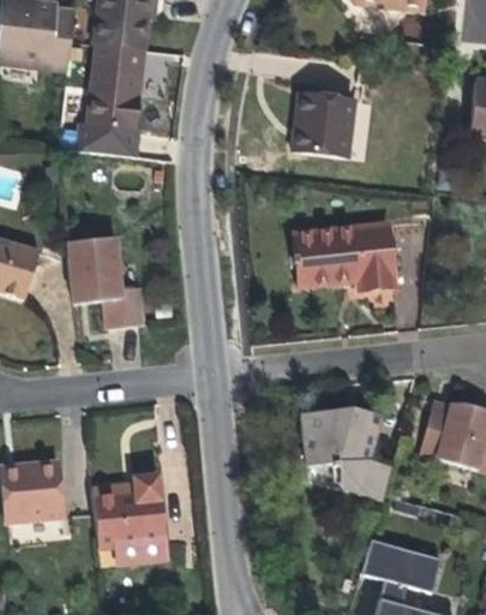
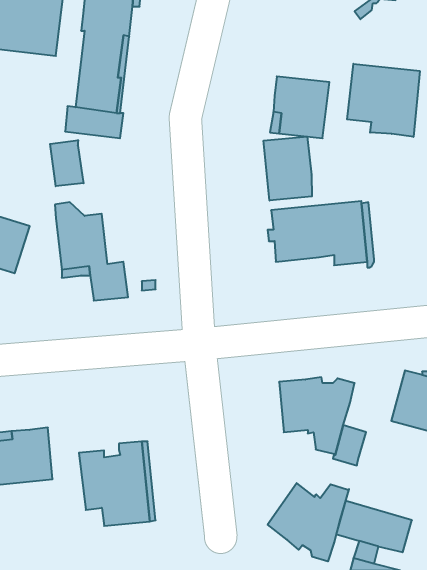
building: none -> [347,64,420,137]
building: none -> [264,137,312,201]
building: none -> [50,140,84,186]
building: none -> [268,483,349,561]

